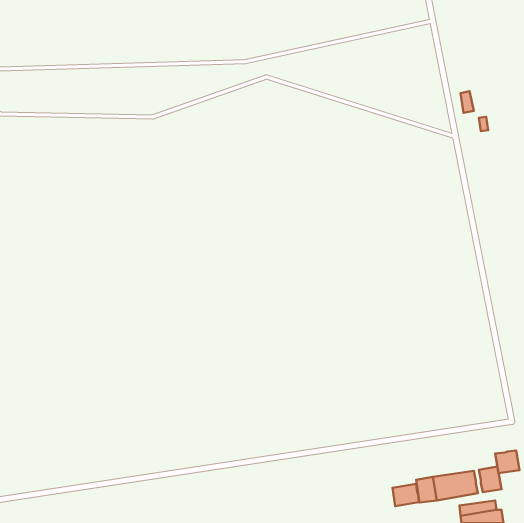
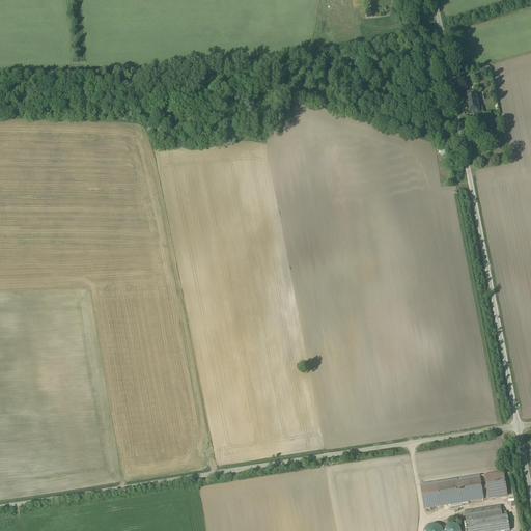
building: [495,450,519,473] -> none
building: [393,484,419,506] -> none

